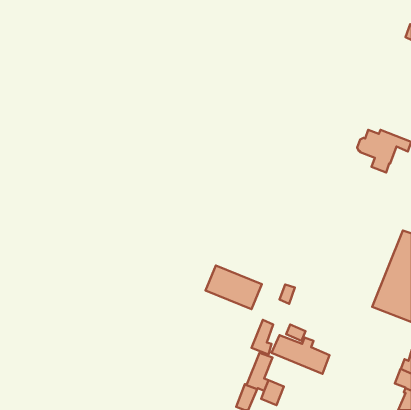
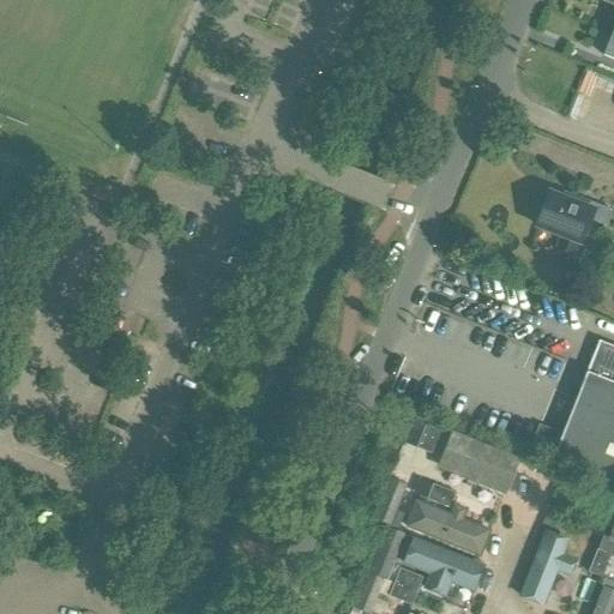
building: [205,266,262,309] -> [438,429,522,494]
building: none -> [519,528,578,604]
building: none -> [403,536,487,596]

